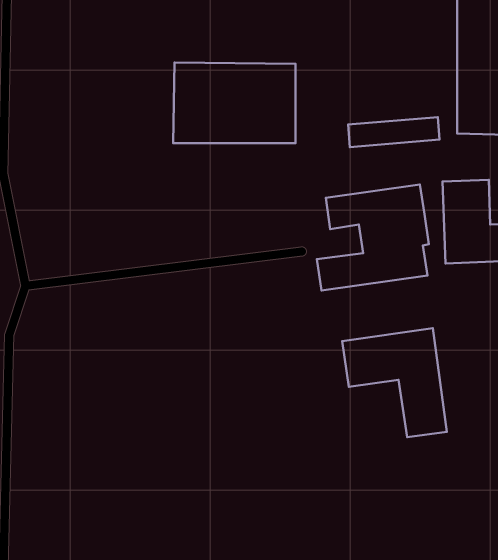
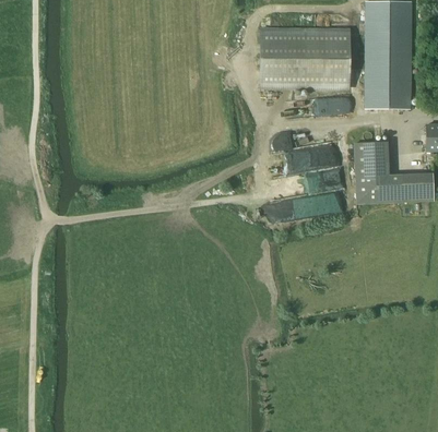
building: [173,62,296,143] -> [260,27,350,86]
building: [342,328,447,437] -> none

